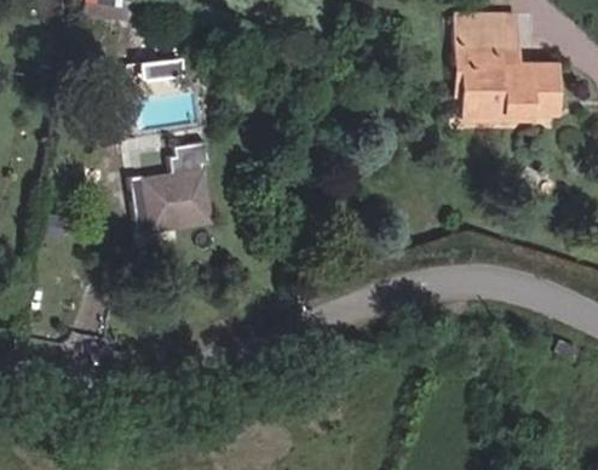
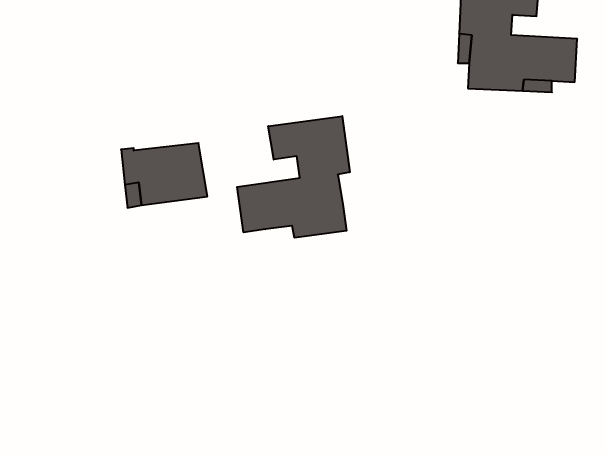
building: none -> [237,116,350,238]

